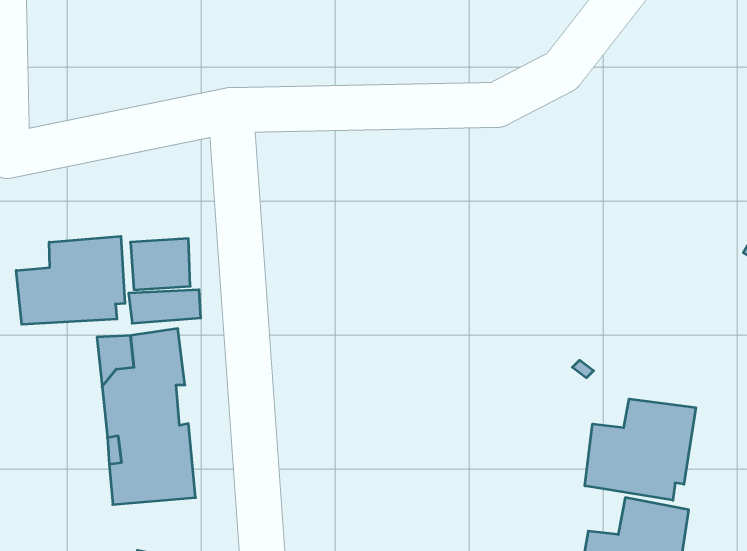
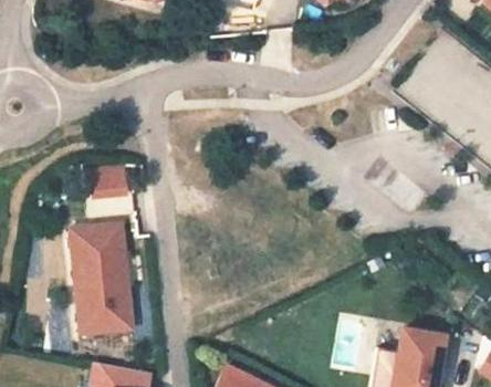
building: [16,236,125,324] -> none
building: [585,399,696,500] -> none

